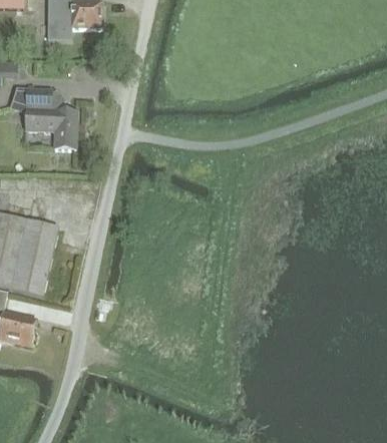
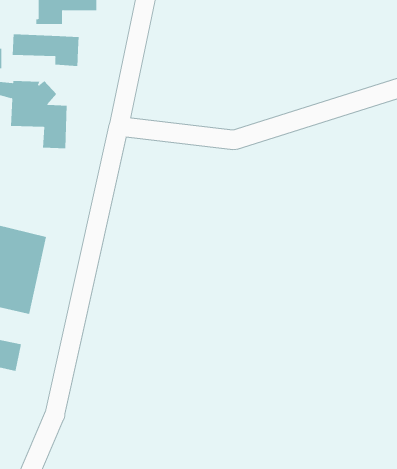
building: none -> [12,33,79,67]

